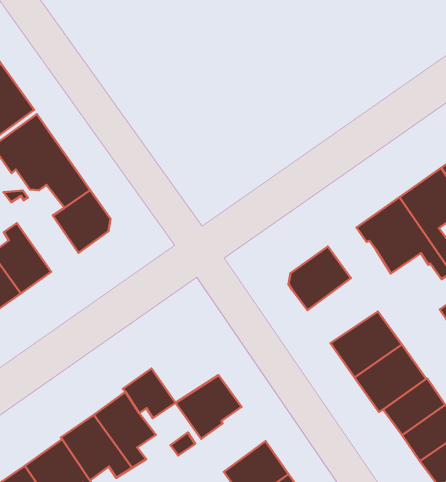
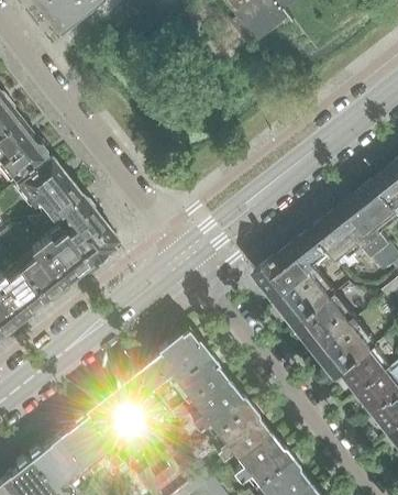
building: none -> [37,231,88,279]
building: none -> [287,230,325,265]
building: none -> [274,270,330,323]
building: none -> [152,330,206,378]
building: none -> [190,378,246,431]

